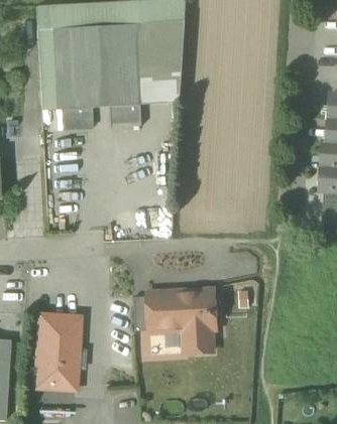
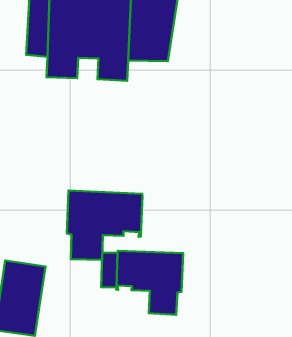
building: none -> [67,190,142,260]

